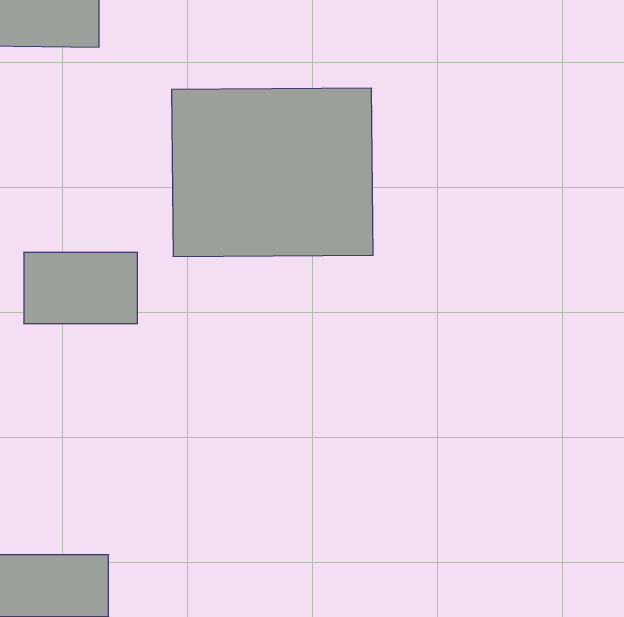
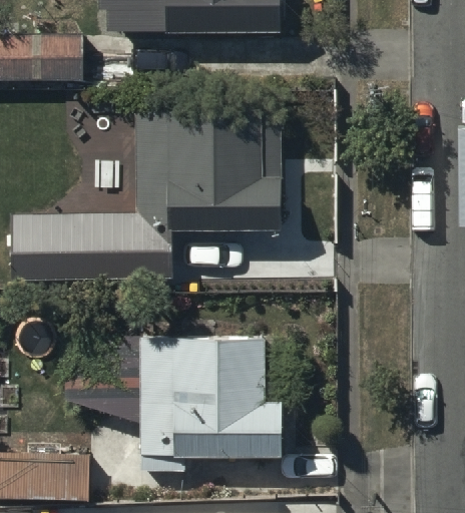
building: none -> [139,338,284,459]

